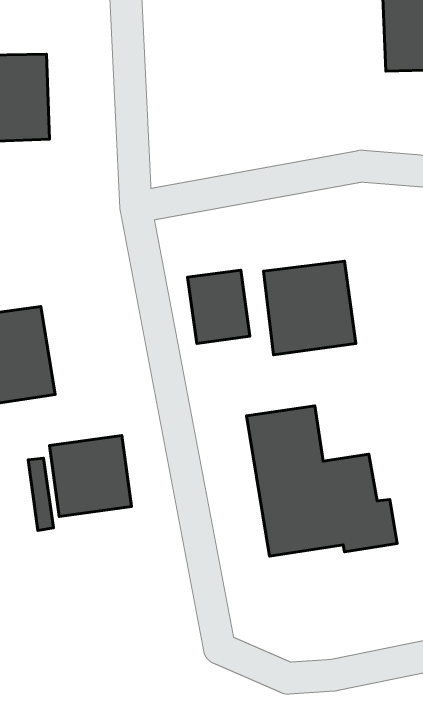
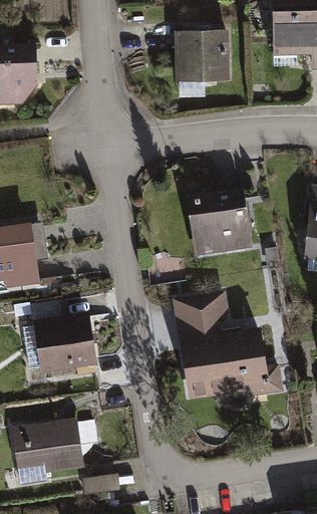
building: none -> [178,30,231,80]
building: [188,270,250,343] -> none
building: none -> [12,418,82,485]

